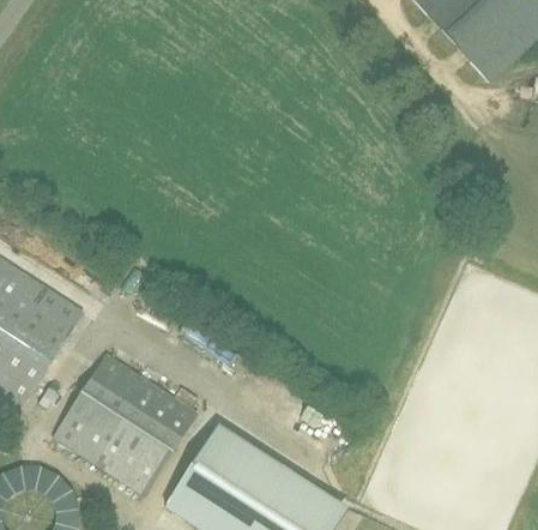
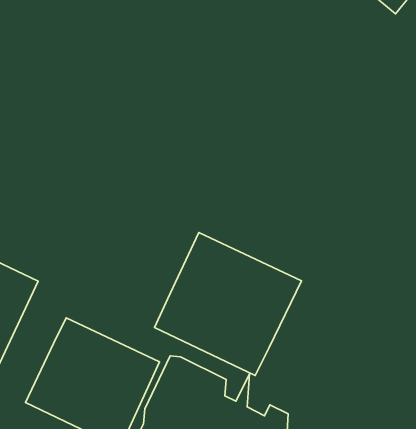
building: none -> [154,233,301,376]

